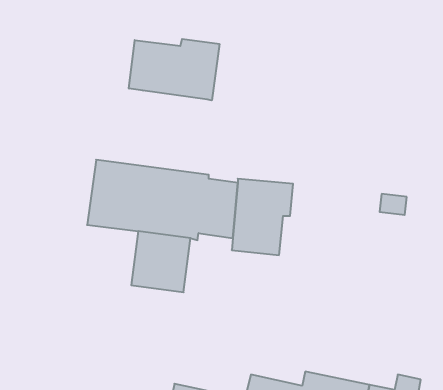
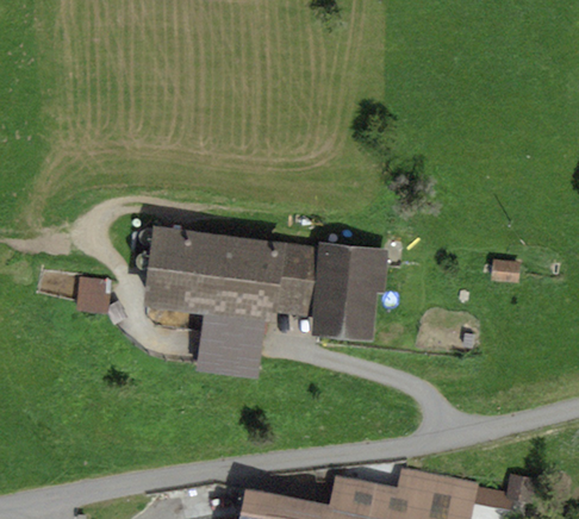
building: [129,39,219,100] -> none
building: none -> [75,276,114,317]

